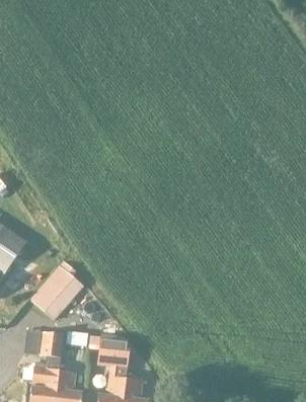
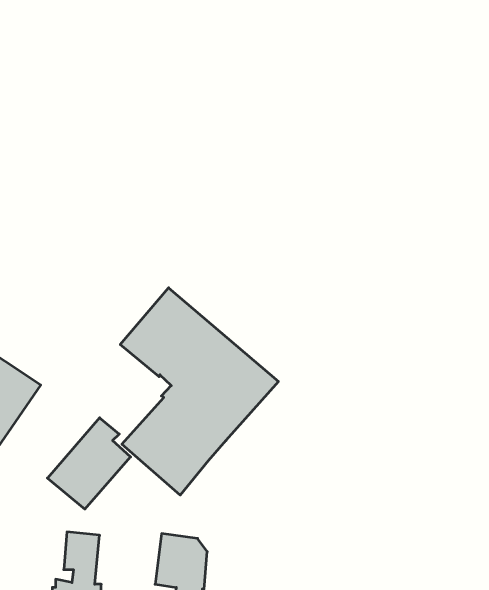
building: none -> [120,288,278,495]

